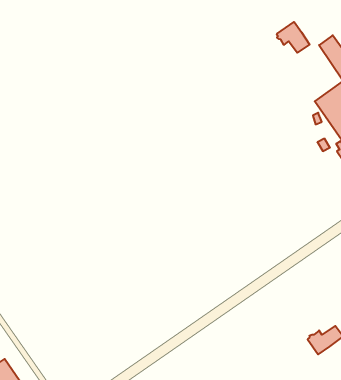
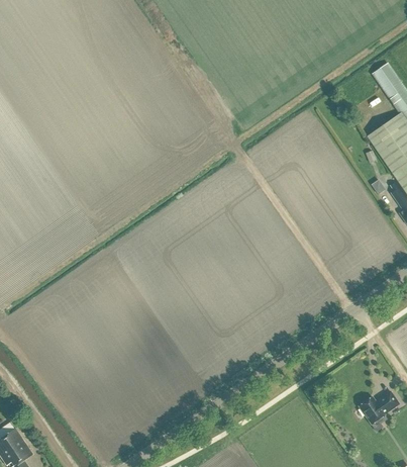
building: [277,22,310,53] -> none

